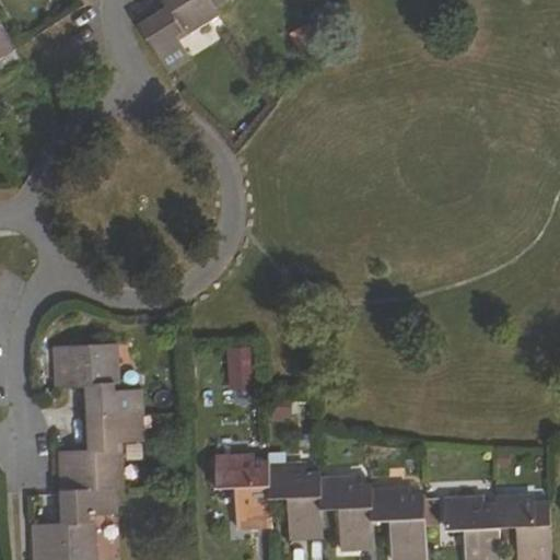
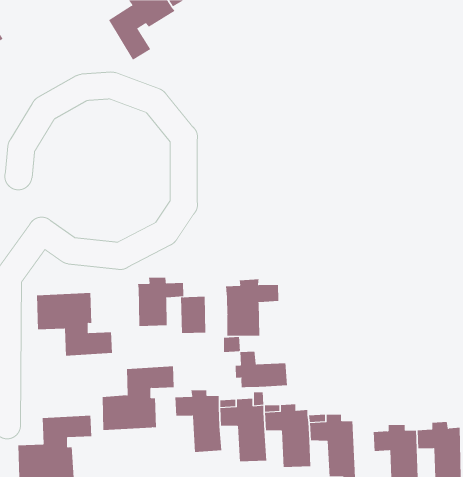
building: none -> [138,277,184,327]
building: none -> [225,279,279,337]
building: none -> [235,351,287,388]
building: [58,413,143,489] -> [102,366,175,431]

